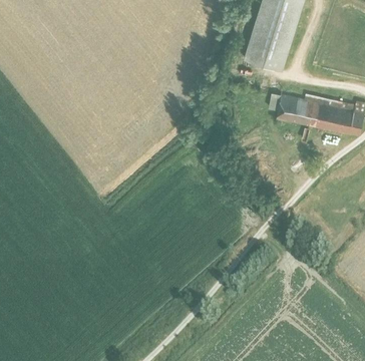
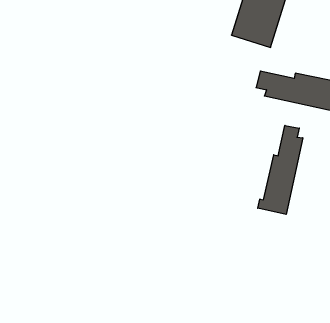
building: none -> [258,125,303,214]

